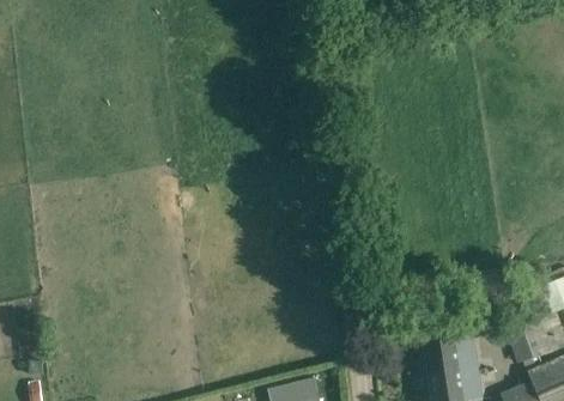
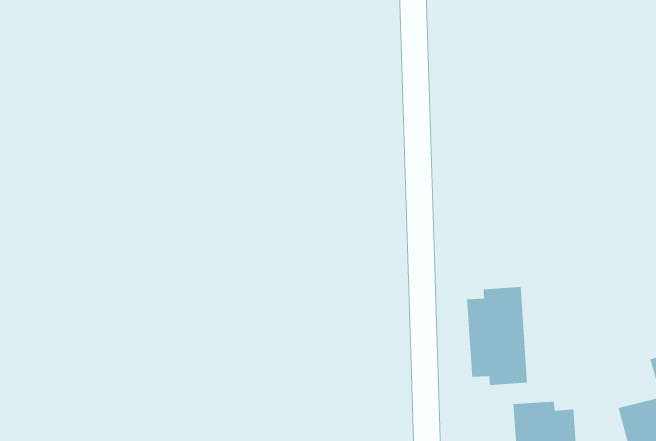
building: none -> [467,286,527,386]

